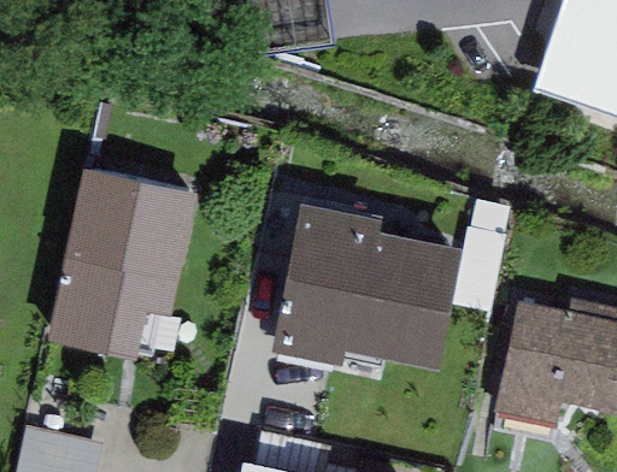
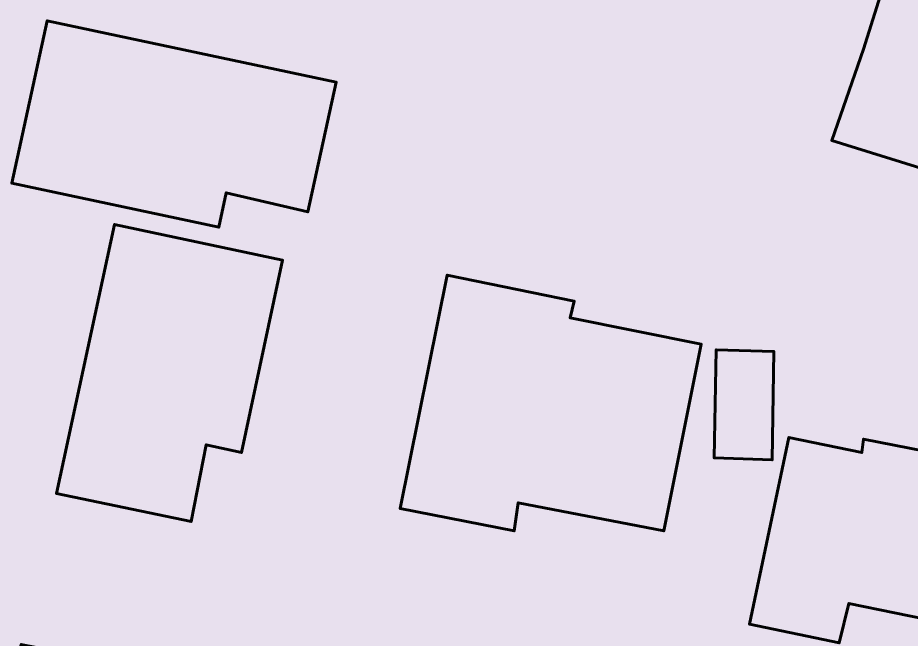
building: none -> [12,21,336,227]

